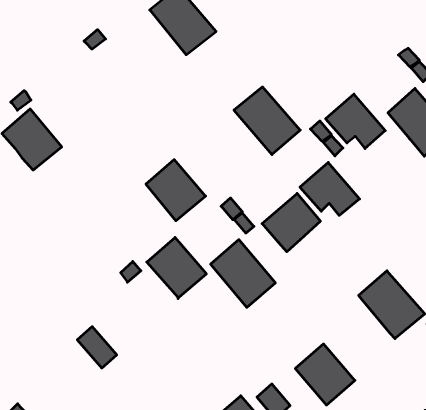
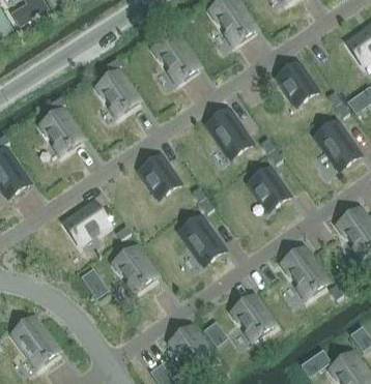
building: none -> [97,70,138,114]
building: [326,94,385,149] -> [276,61,317,100]
building: [262,193,320,252] -> none
building: none -> [64,201,107,242]
building: [147,237,206,299] -> [114,246,155,290]

